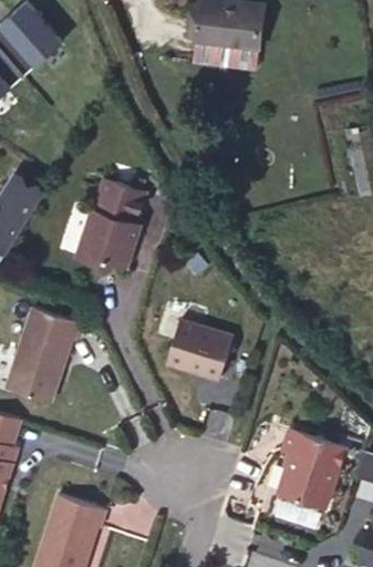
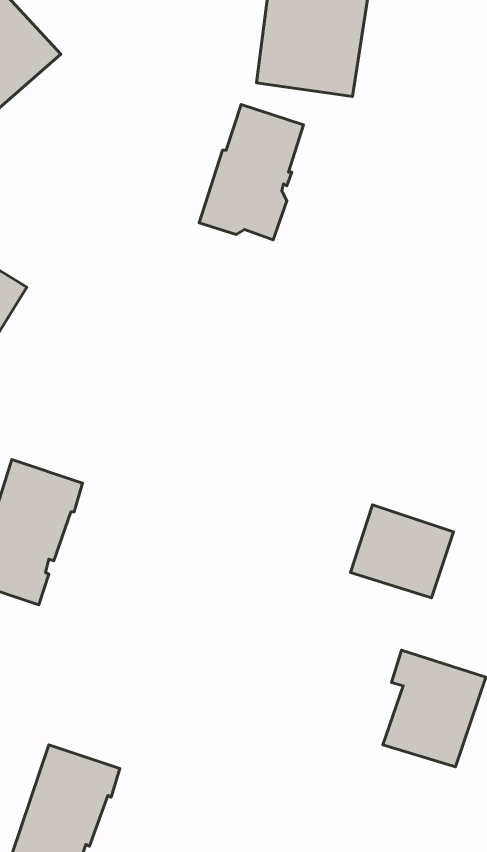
building: [76,181,145,269] -> [199,105,304,240]
building: [165,321,232,382] -> [350,505,453,598]

